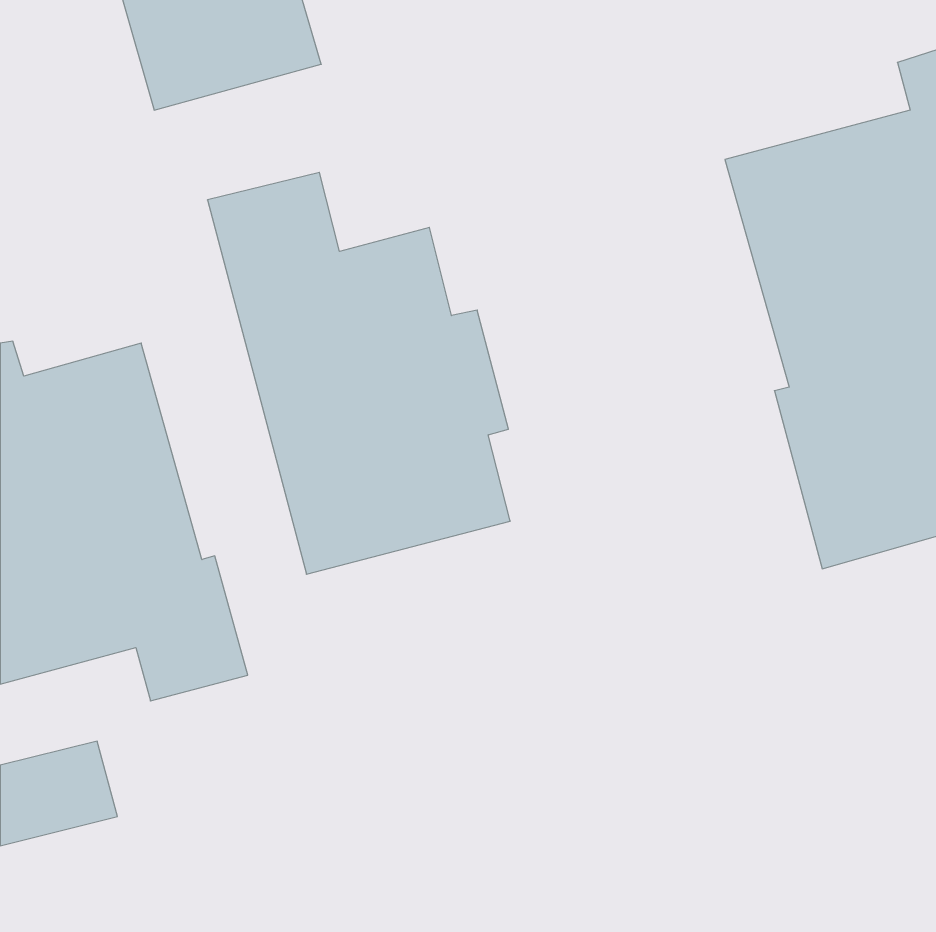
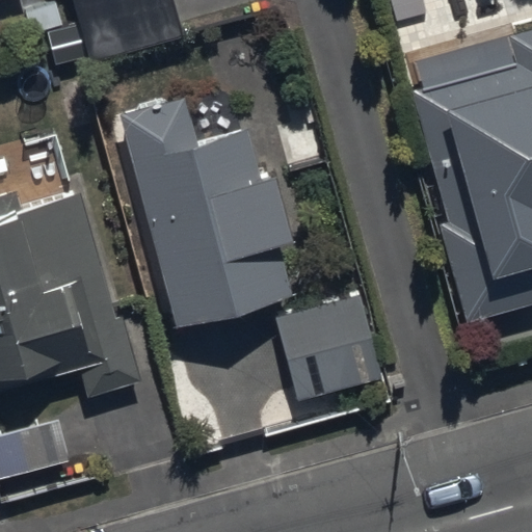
building: none -> [274,291,381,399]

